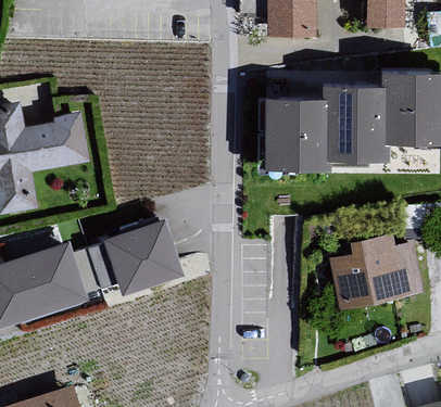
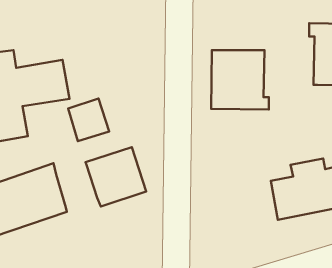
building: [322,84,390,160] -> none
building: [72,241,122,293] -> [68,99,109,141]

